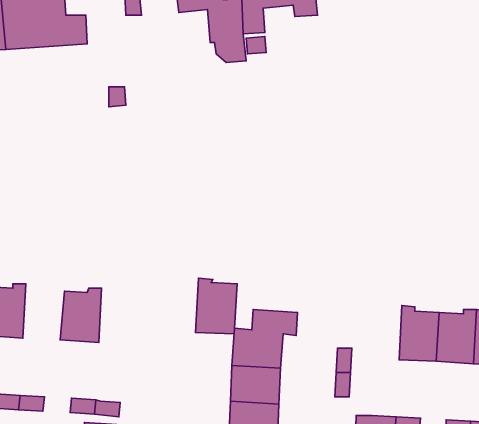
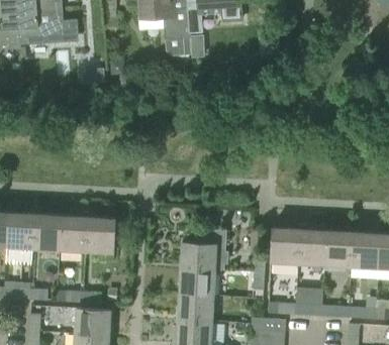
building: [196,278,237,334] -> [86,213,115,252]
building: none -> [32,210,62,249]
building: none -> [271,224,300,263]

